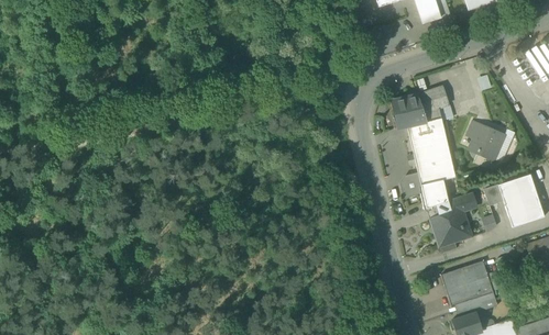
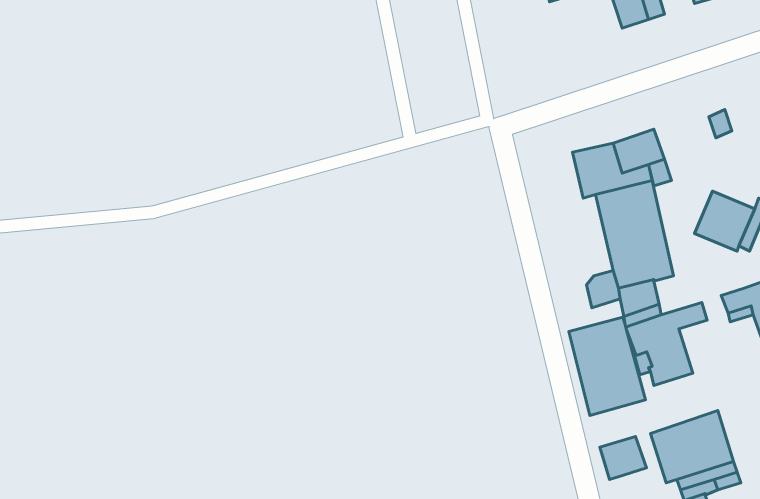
building: none -> [569,317,646,415]
building: none -> [600,436,647,479]

